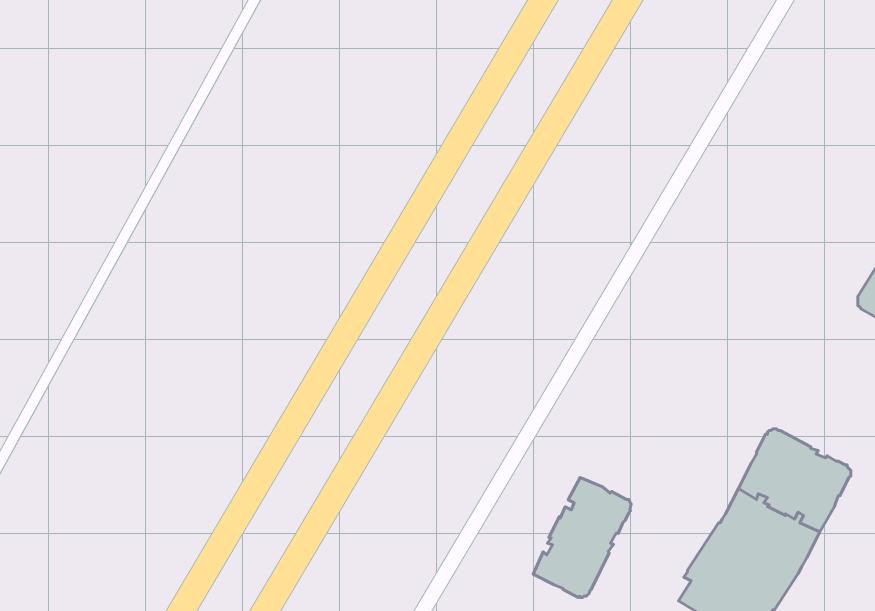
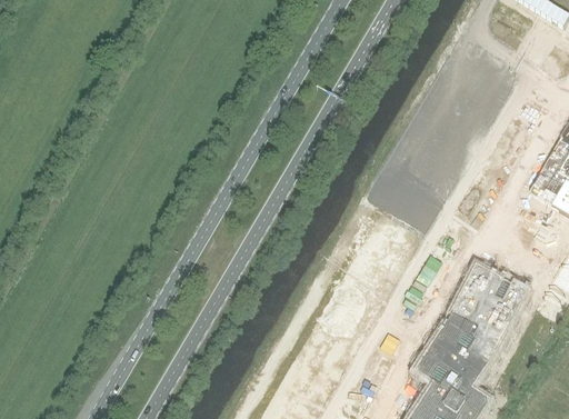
building: [533,477,631,598] -> none

